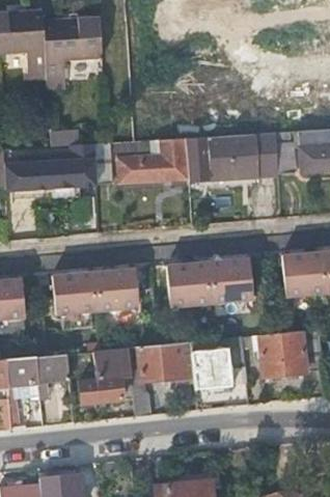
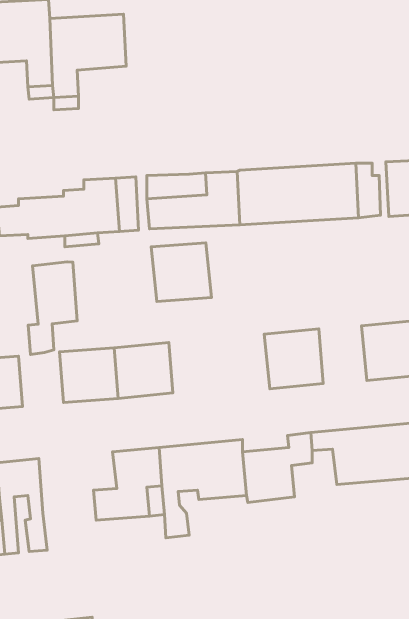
building: none -> [28,262,77,354]
building: [166,263,212,307] -> [151,243,211,302]
building: [36,354,68,398] -> none

